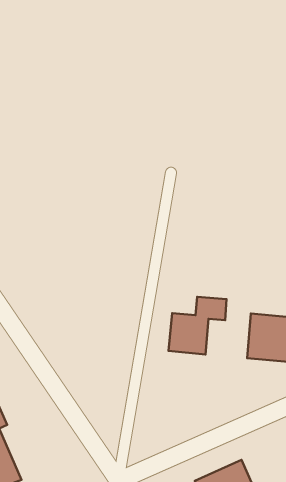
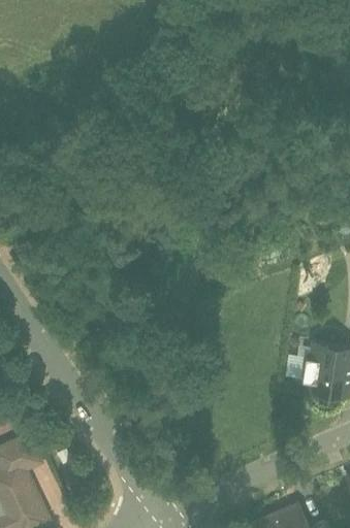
building: [169,297,226,355] -> none

